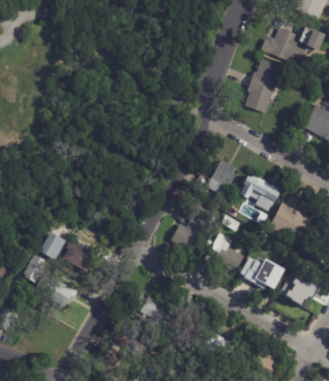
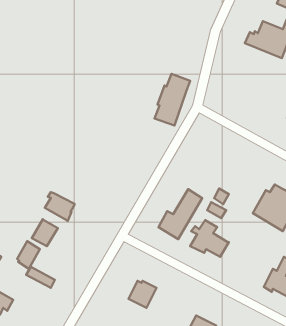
building: [244,58,282,112] -> [154,74,190,125]
building: [196,159,238,195] -> none
building: [240,168,277,205] -> none
building: [63,242,94,272] -> [45,192,75,221]
building: [244,259,274,288] -> none

